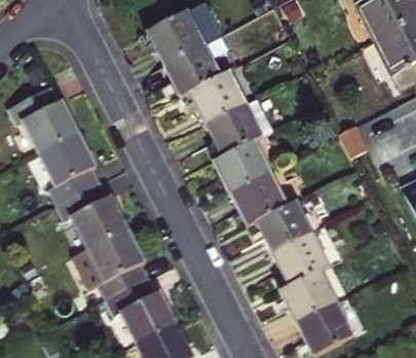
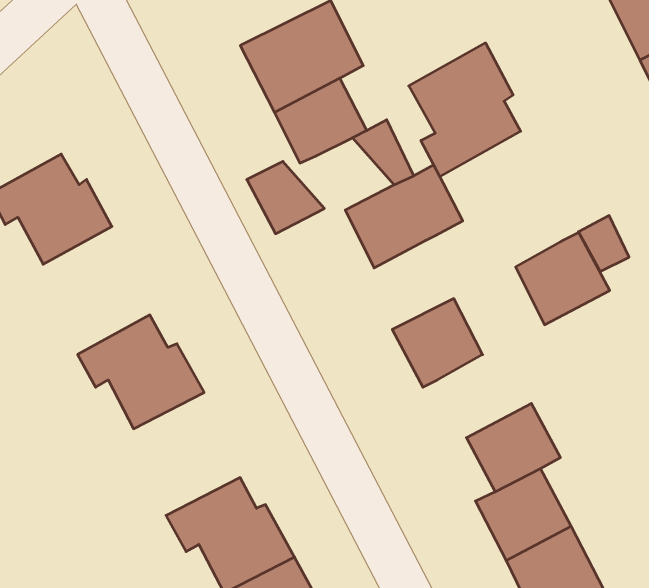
building: none -> [409,43,521,176]
building: [191,83,235,124] -> [247,161,324,234]
building: [36,134,97,207] -> none
building: [218,142,269,192] -> none
building: [260,202,313,254] -> [516,233,610,325]
building: [73,228,148,298] -> none

